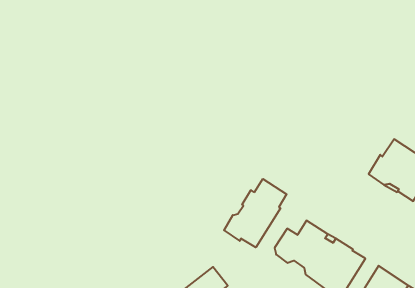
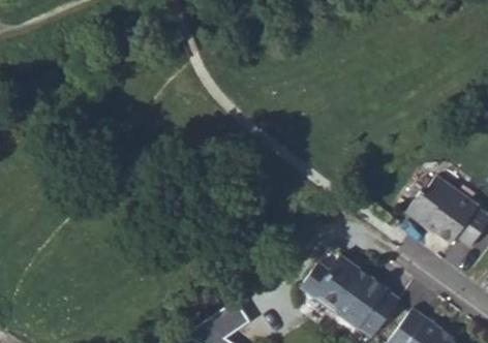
building: [224,179,287,247] -> none

